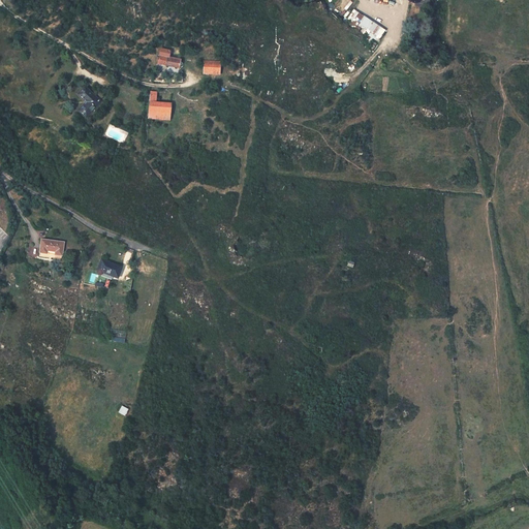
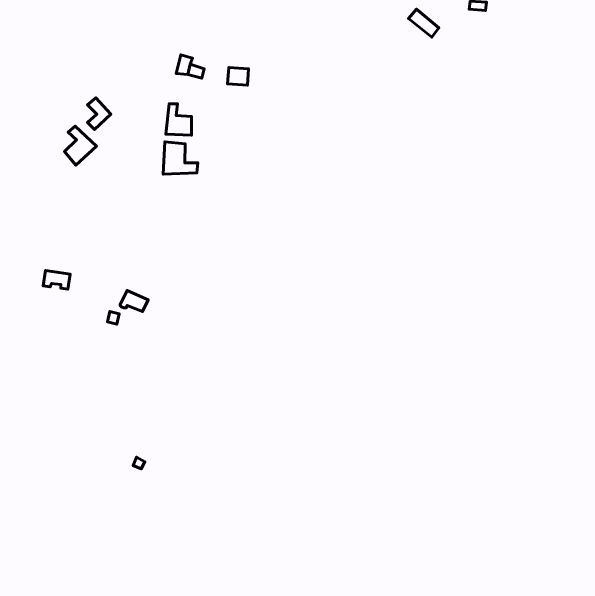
building: none -> [64,126,97,165]
building: none -> [163,142,198,174]

